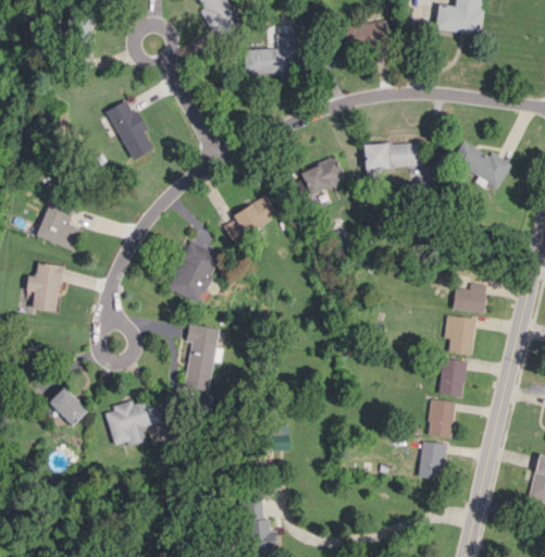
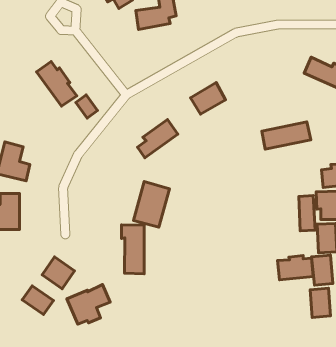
building: [363,141,425,170] -> [262,122,311,149]
building: none -> [76,95,98,118]
building: [168,240,220,302] -> [133,181,169,227]
building: none -> [299,196,315,231]
building: none -> [42,257,74,289]
building: none -> [277,256,313,280]

